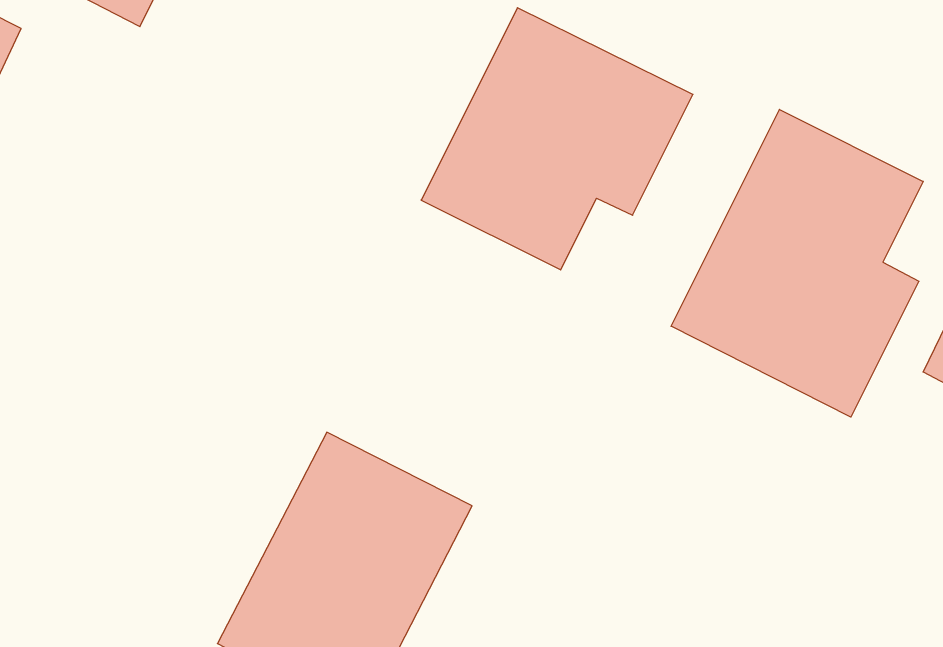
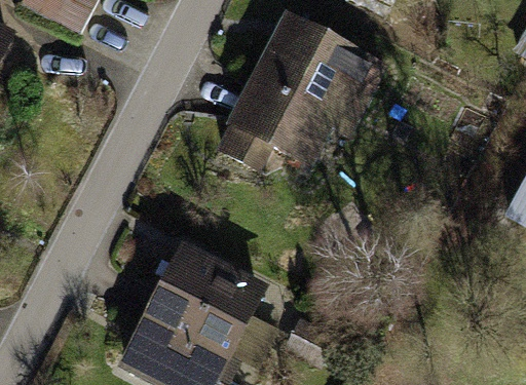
building: [671,109,923,417] -> none

